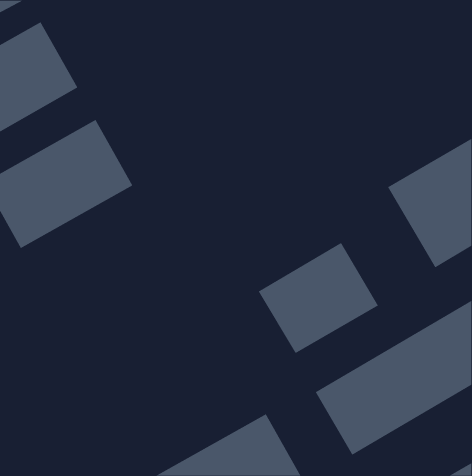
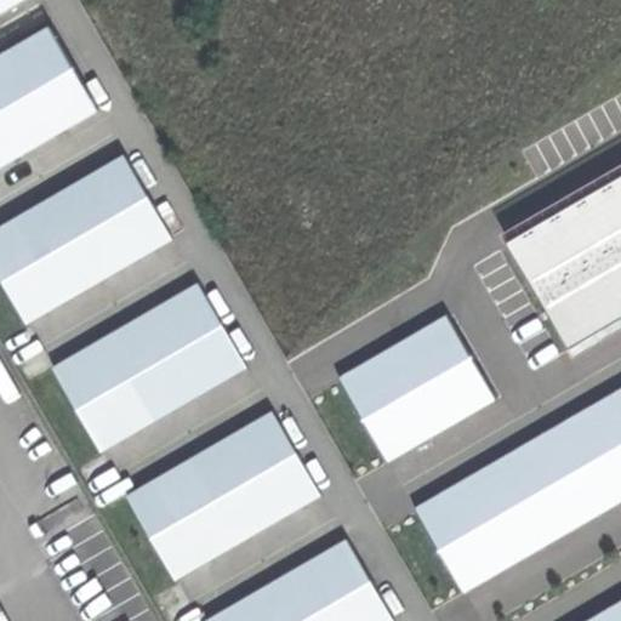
building: none -> [52,284,247,454]
building: none -> [126,412,321,581]

